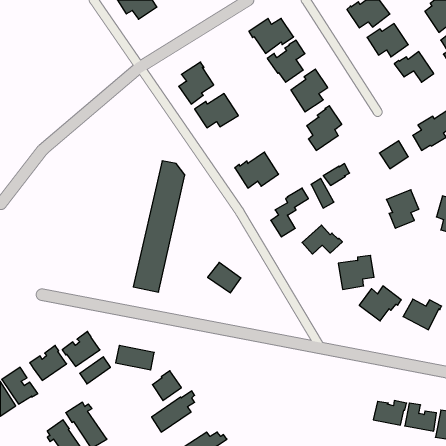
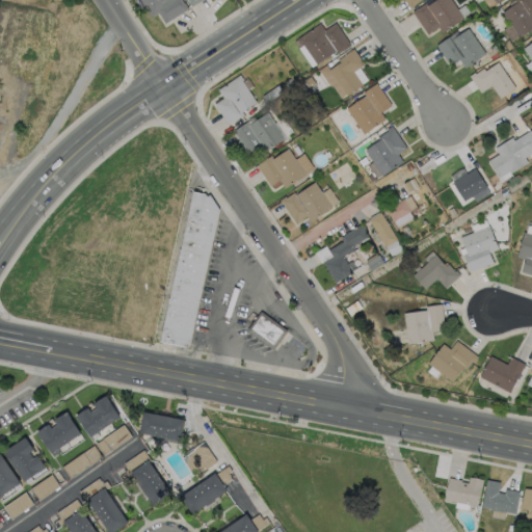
building: none -> [257,149,305,188]
building: [302,225,342,254] -> [413,256,460,290]
building: none -> [125,450,172,507]

